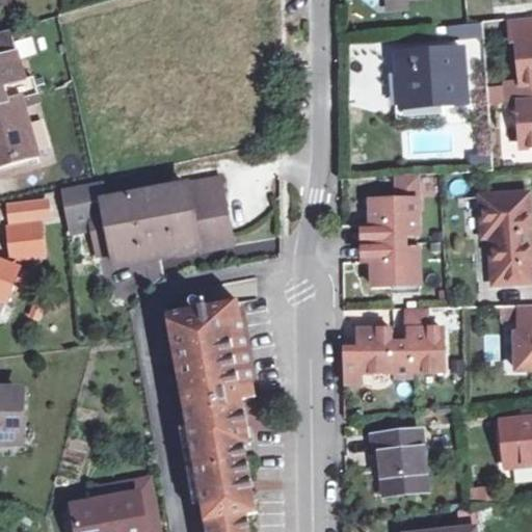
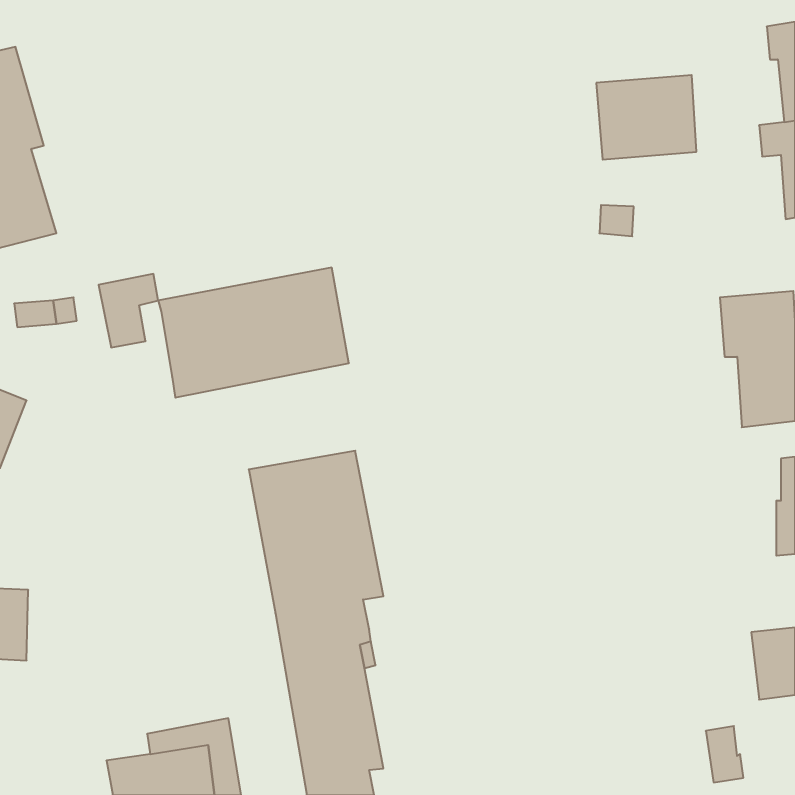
building: [355,175,421,289] -> none
building: [7,221,45,258] -> none
building: [341,309,445,385] -> none
building: [374,427,428,493] -> none

